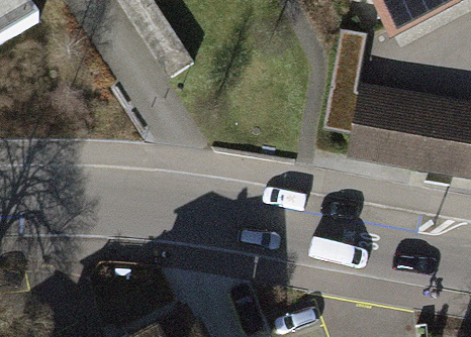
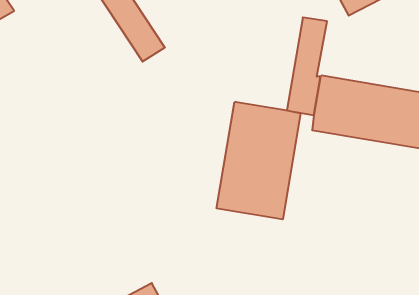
building: none -> [217,102,301,219]

